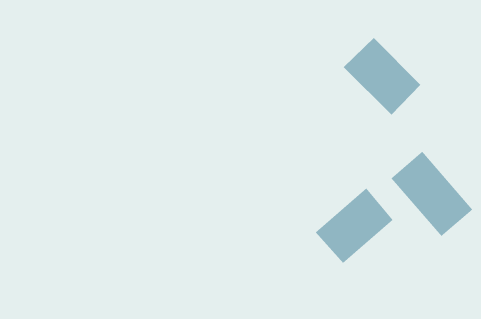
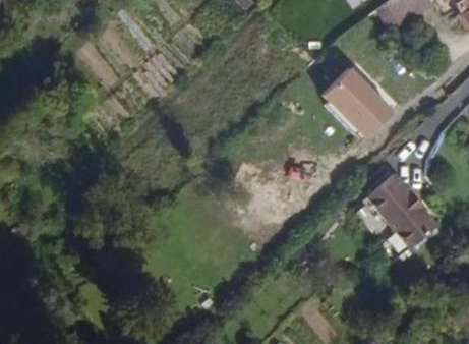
building: [315,188,394,264] -> none

